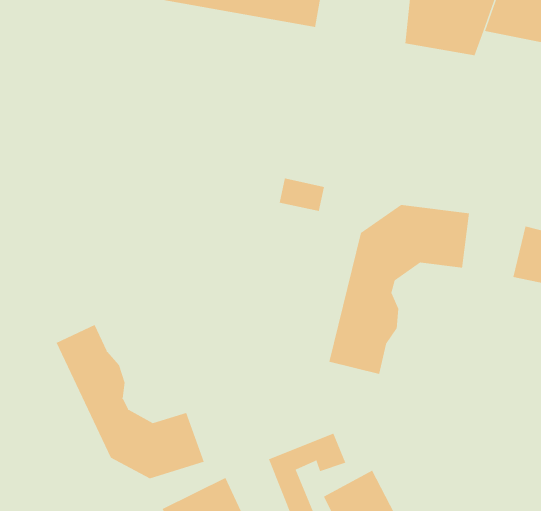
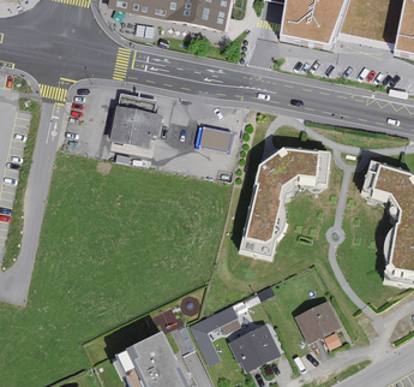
building: none -> [107,97,160,153]
building: [56,324,204,479] -> none
building: none -> [294,305,337,345]

